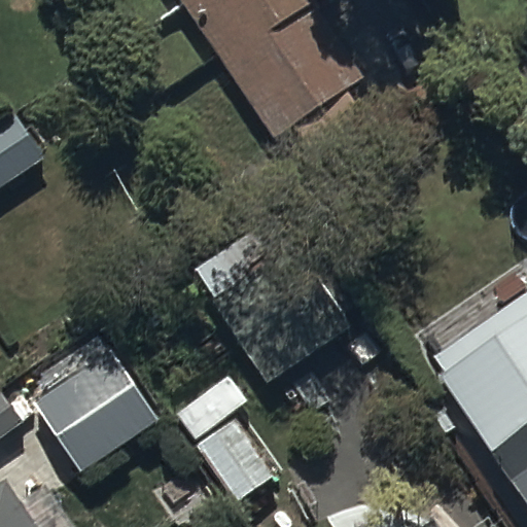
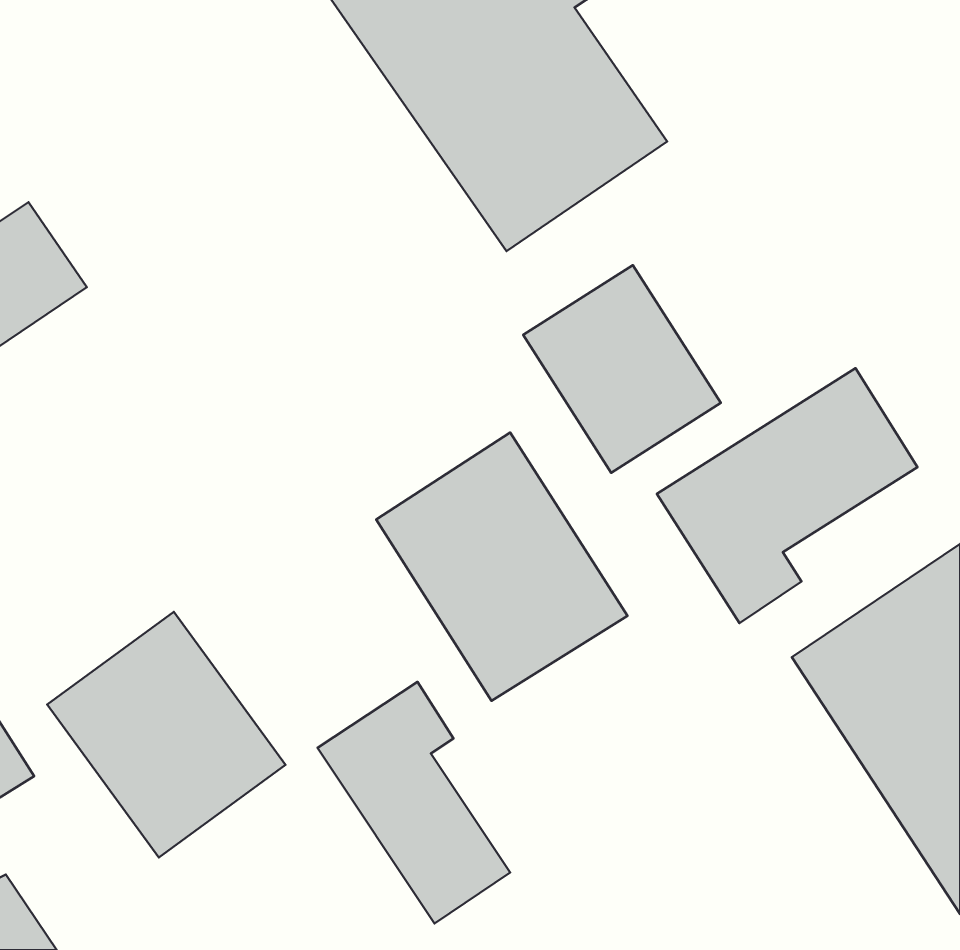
building: none -> [523,265,721,473]
building: none -> [657,368,918,623]

